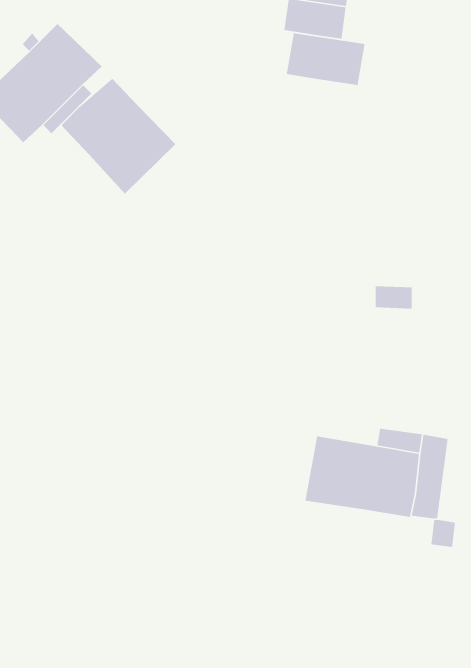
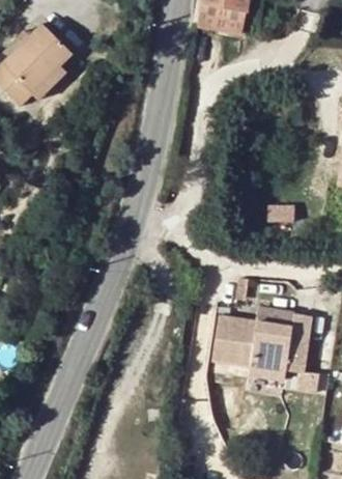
building: [286,32,366,86] -> none
building: [61,78,176,195] -> none

